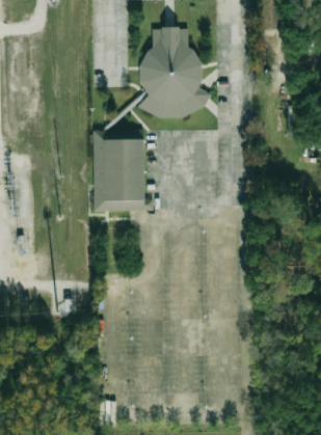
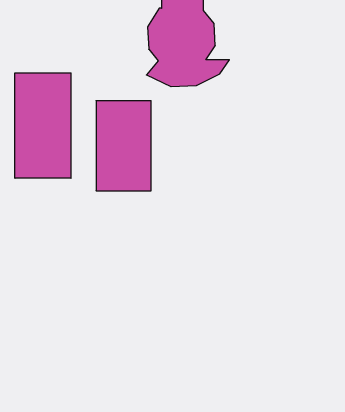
building: none -> [15,73,71,178]

